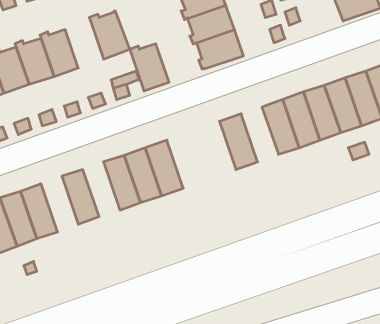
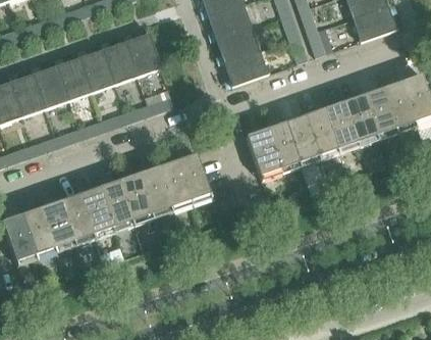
building: [130,44,169,91] -> [101,41,138,85]
building: none -> [266,122,301,173]
building: none -> [118,173,153,224]
building: none -> [79,186,114,238]

